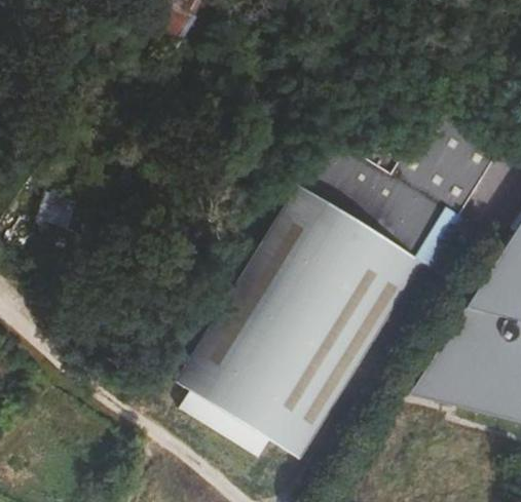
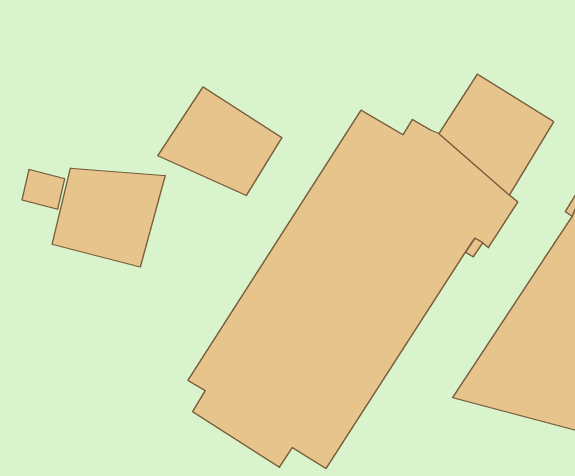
building: none -> [158,87,282,196]
building: none -> [52,168,165,267]

